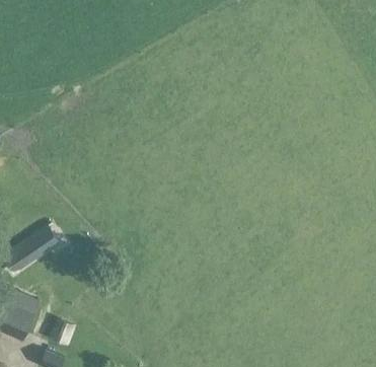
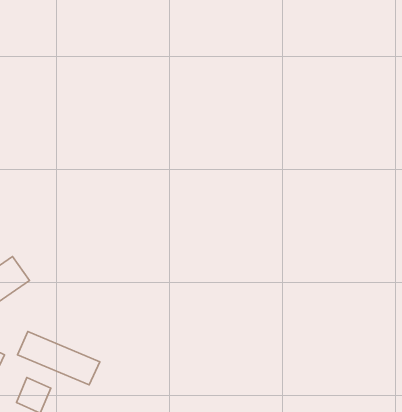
building: none -> [17,332,100,385]

